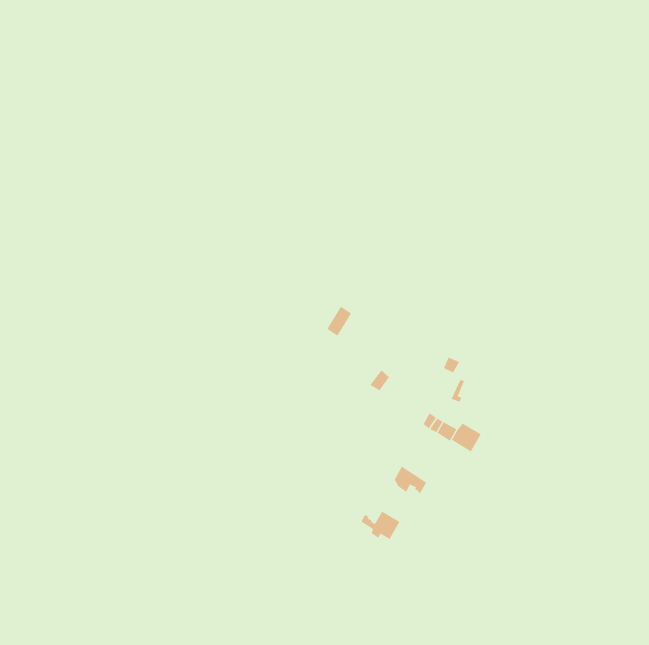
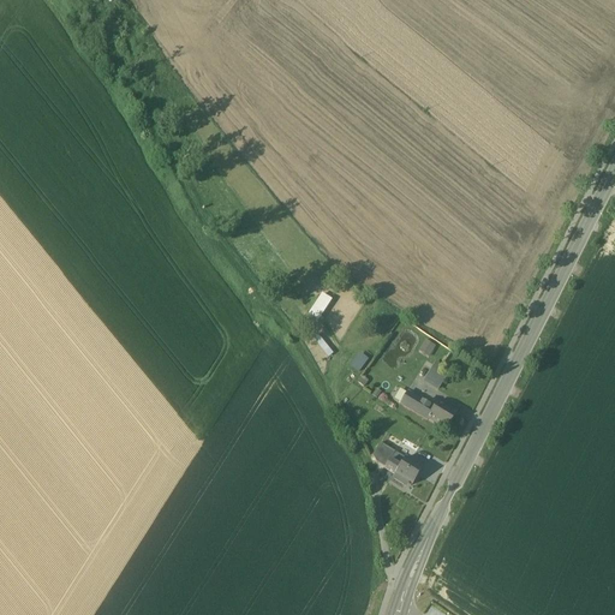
building: [361,510,400,540] -> [384,455,422,483]

